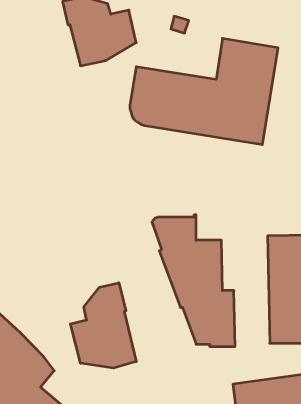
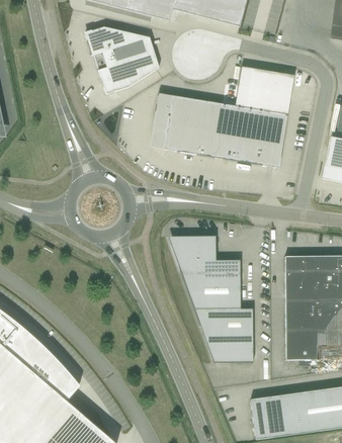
building: [70,283,136,368] -> none

